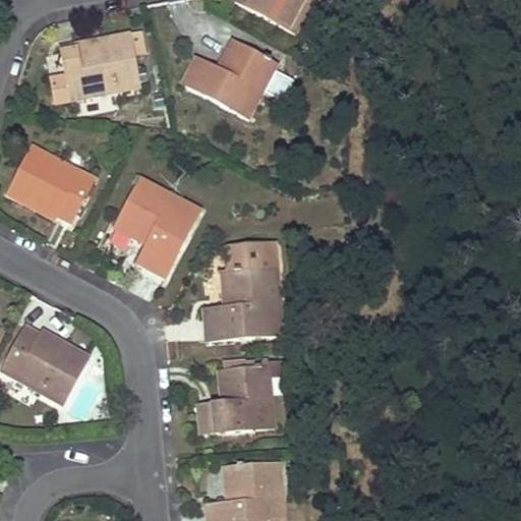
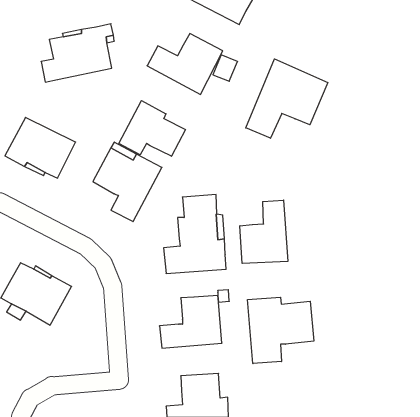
building: none -> [246,59,328,138]
building: none -> [119,101,185,156]
building: none -> [240,200,288,263]
building: none -> [248,297,314,364]

